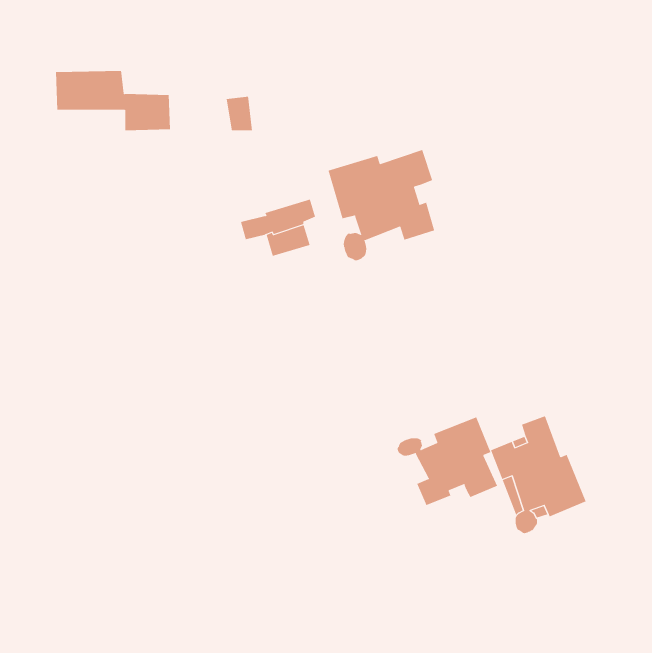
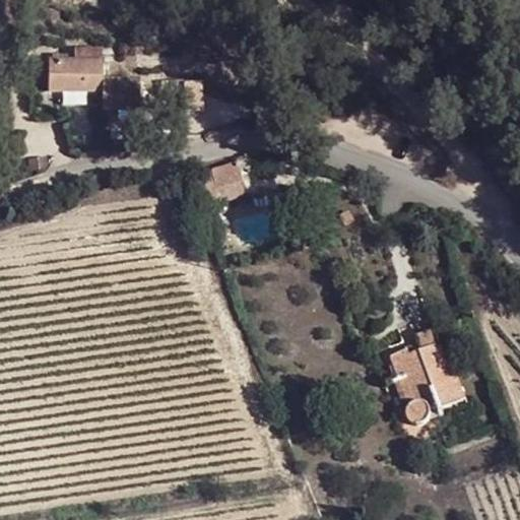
building: [328,149,435,261] -> none
building: [397,416,498,506] -> none

